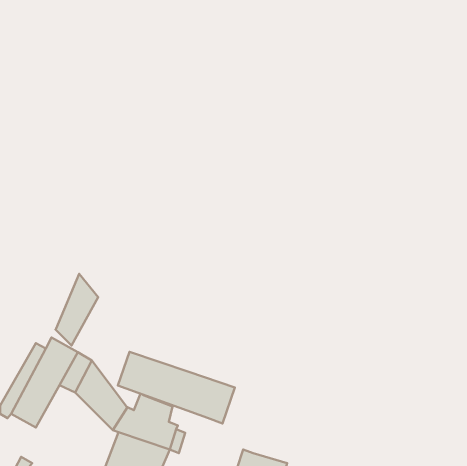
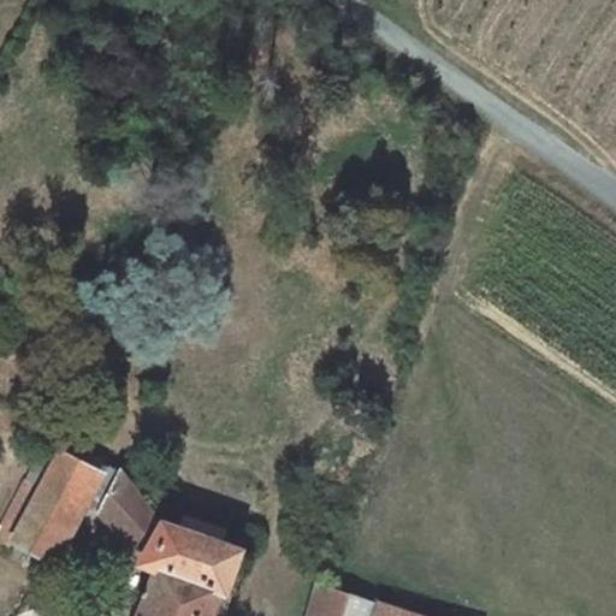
building: [56,274,98,345] -> none
building: [118,352,235,424] -> none

